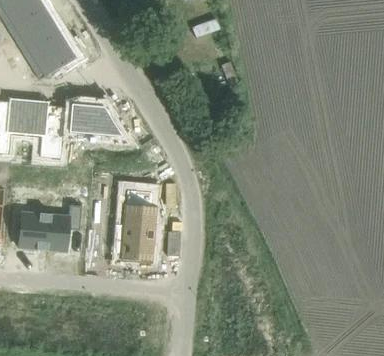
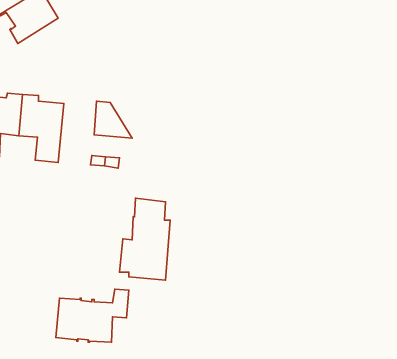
building: [24,33,75,80] -> none
building: [67,103,92,134] -> none
building: [18,205,81,251] -> [56,289,129,342]

